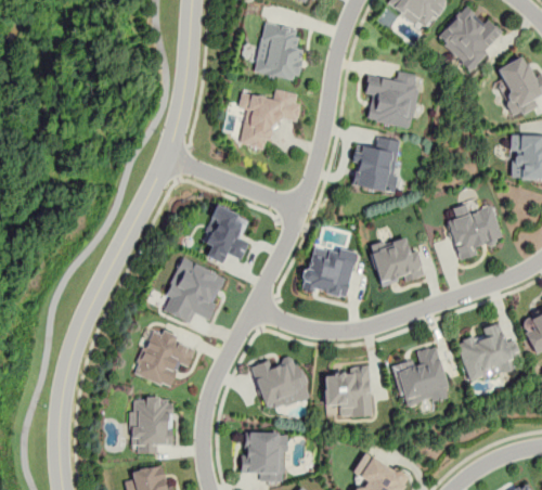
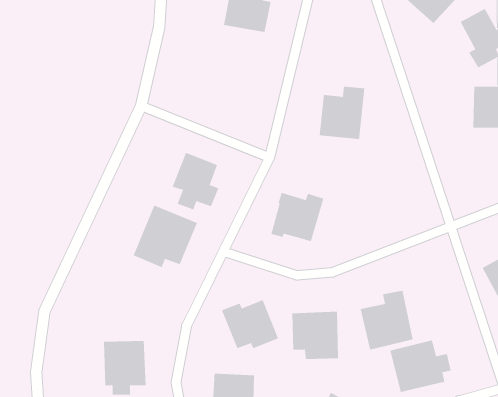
building: [364,70,422,128] -> none
building: [237,90,300,149] -> none
building: [447,202,505,258] -> none
building: [370,236,426,286] -> none
building: [457,327,521,382] -> [389,340,452,392]
building: [136,331,196,388] -> none

